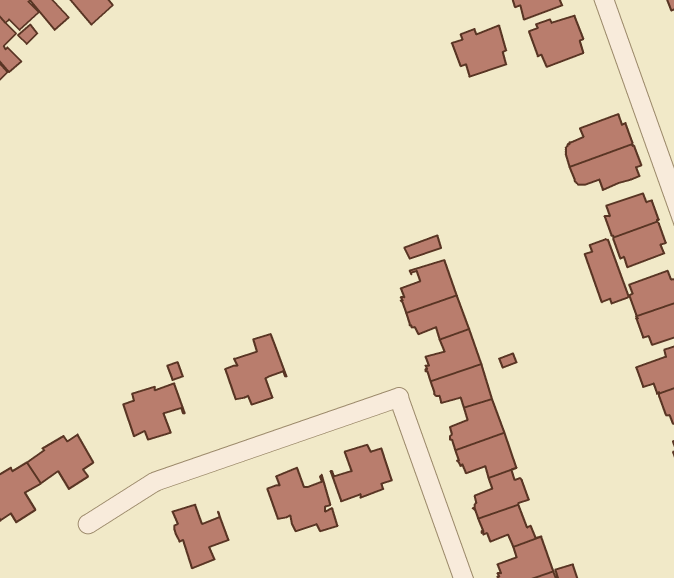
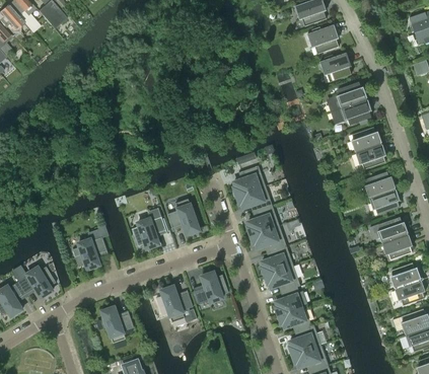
building: [452,26,506,77] -> [318,52,350,81]
building: [585,239,629,304] -> none
building: none -> [166,198,199,234]

